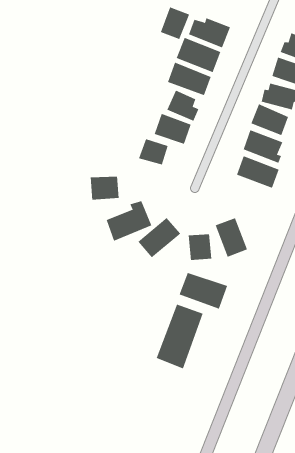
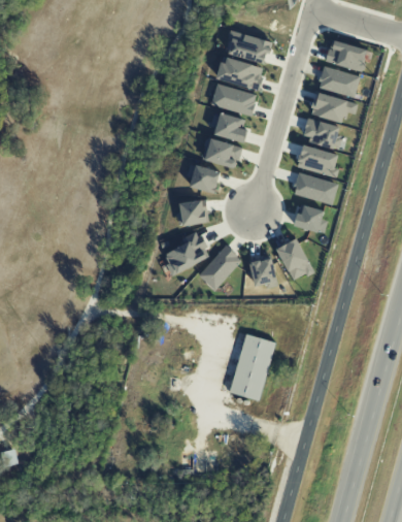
building: [160,6,190,40] -> none
building: [90,176,119,200] -> [175,198,208,226]
building: none -> [294,203,327,233]
building: [179,272,228,310] -> none

